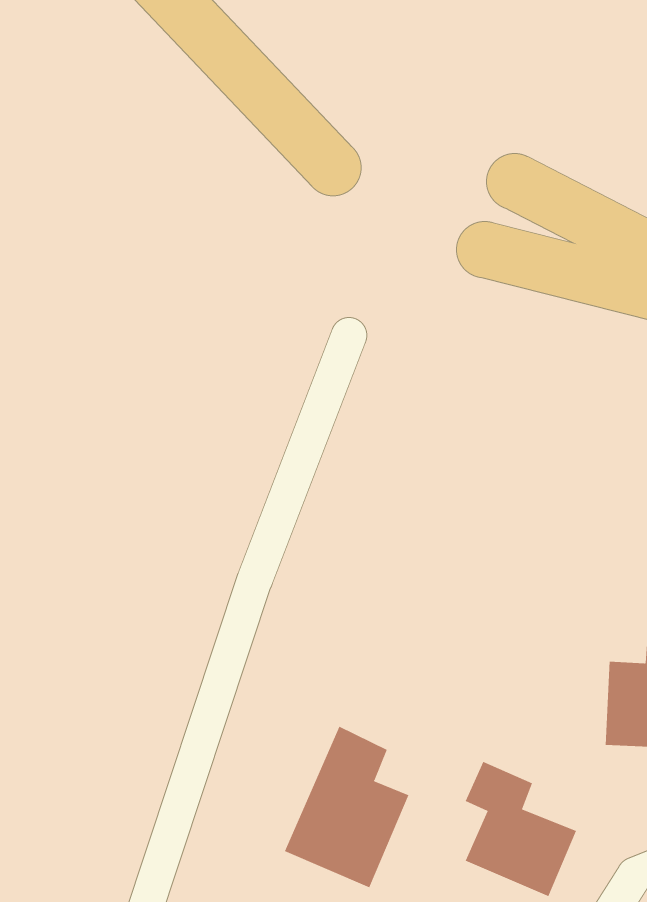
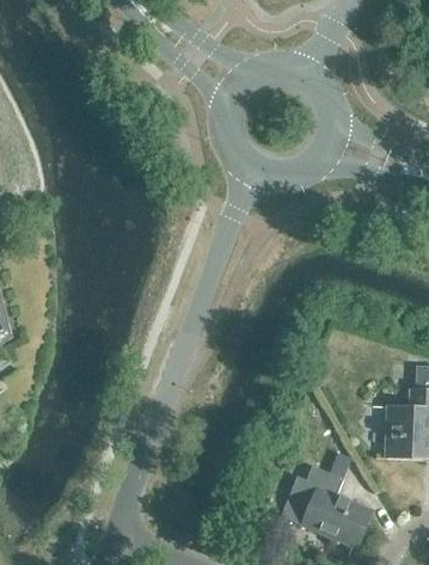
building: [284,726,409,888] -> none

